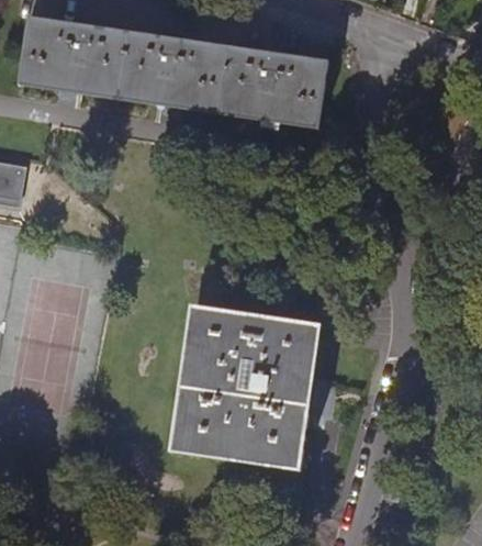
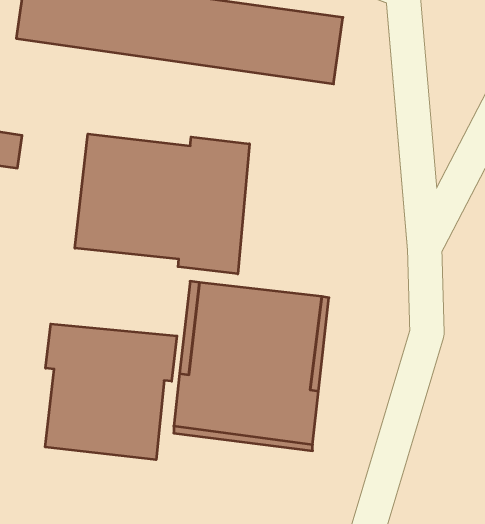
building: none -> [75,134,249,274]
building: none -> [45,324,177,460]

